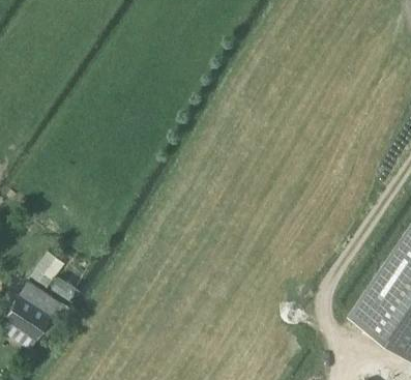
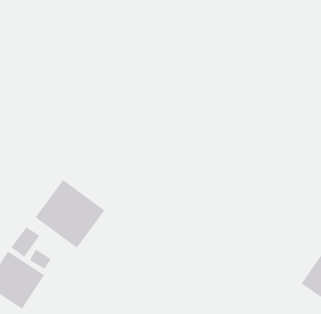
building: none -> [35,179,105,248]

